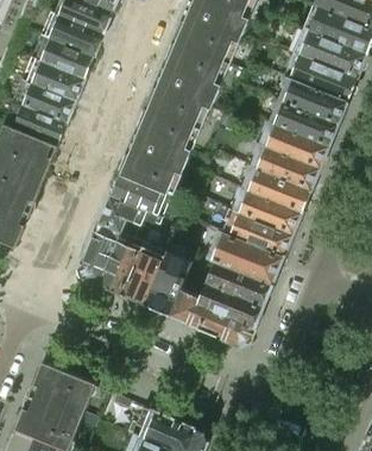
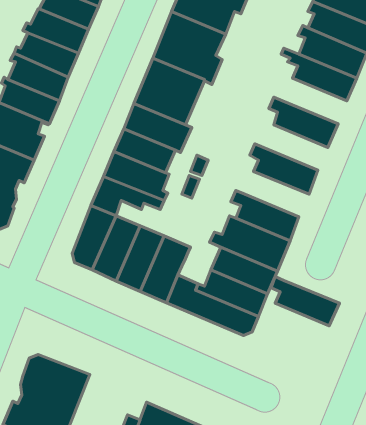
building: [273,99,338,145] -> none
building: [256,143,320,189] -> none
building: [238,187,302,233] -> [271,277,339,326]

